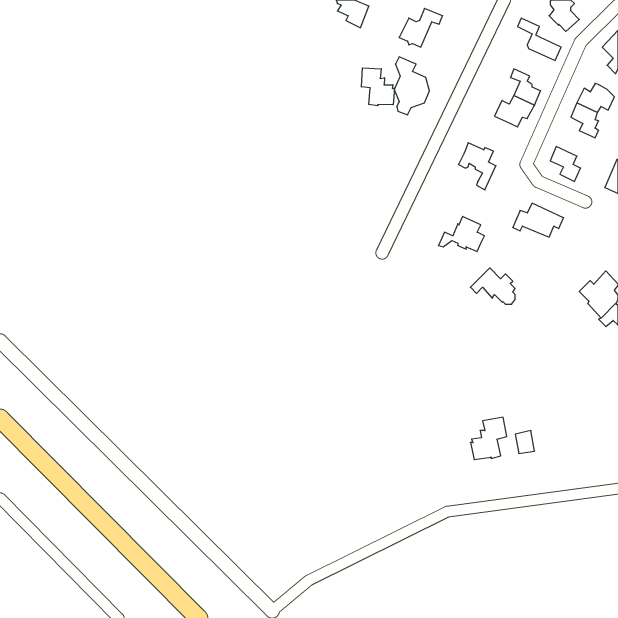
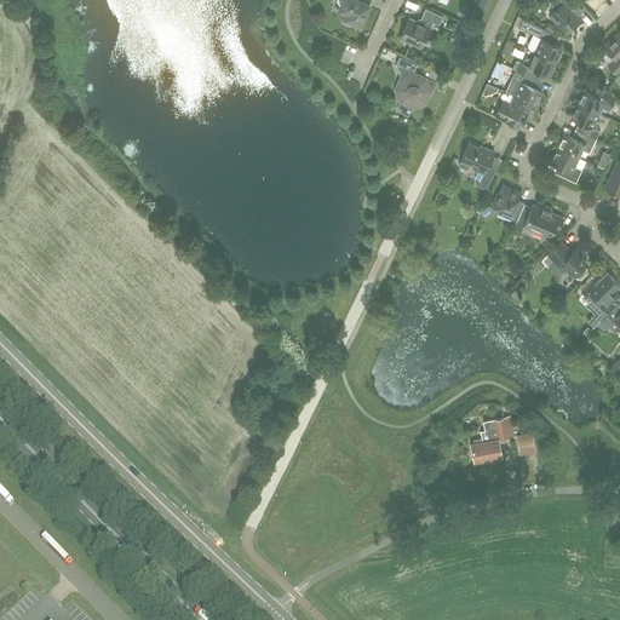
building: none -> [512,48,556,76]
building: [361,68,394,106] -> none
building: none -> [557,131,596,156]
building: [438,216,484,252] -> [478,184,524,219]
building: [470,268,515,304] -> [541,241,586,277]

